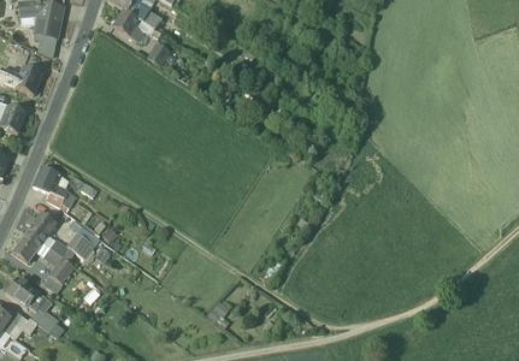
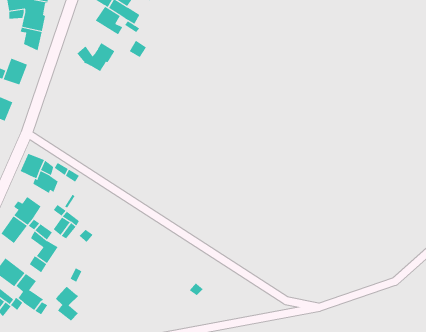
building: none -> [76,42,115,73]
building: none -> [55,286,79,322]

